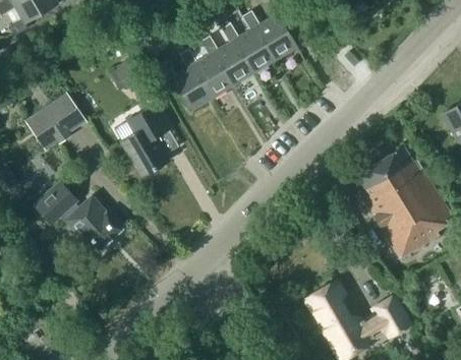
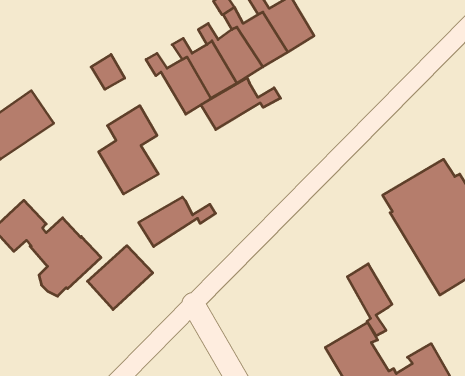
building: none -> [201,78,281,130]
building: none -> [139,197,216,247]
building: none -> [87,246,153,310]
building: none -> [347,264,392,336]

